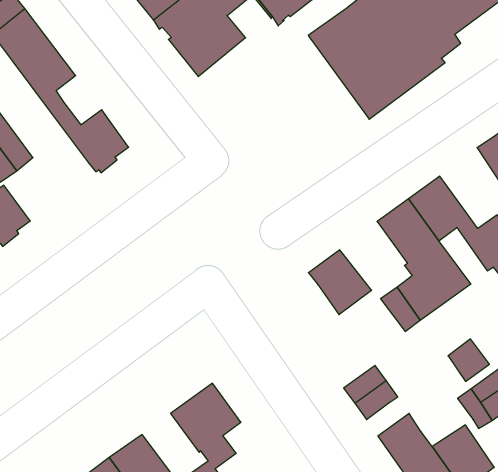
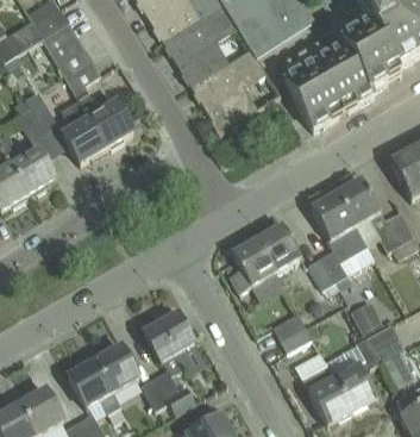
building: none -> [190,46,267,132]
building: none -> [61,99,107,163]
building: none -> [230,238,284,295]

